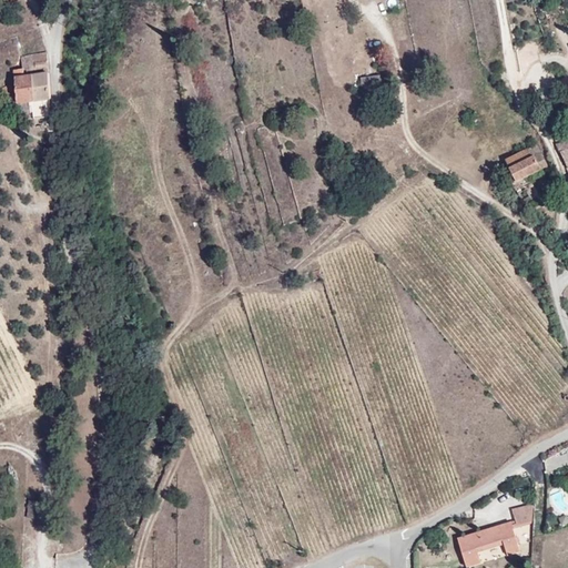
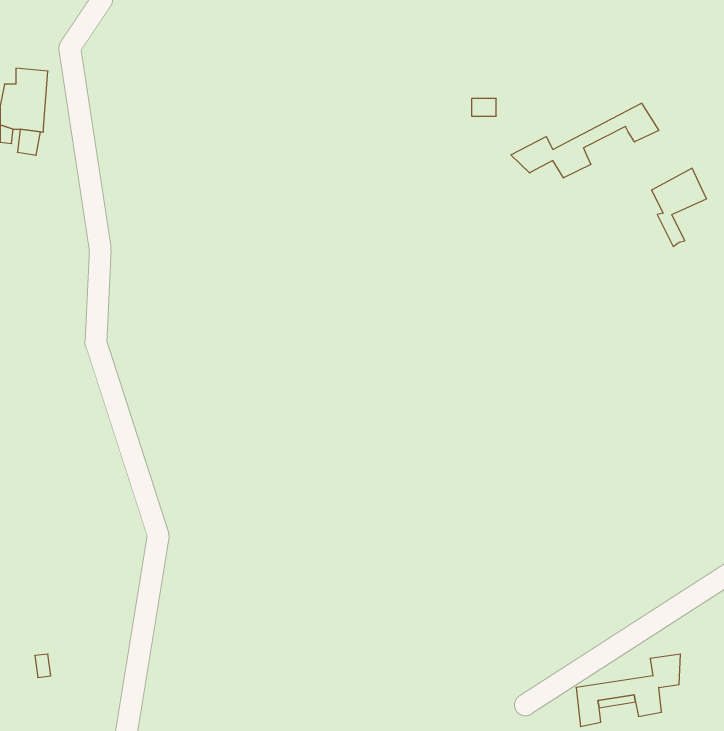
building: none -> [511,103,659,178]

